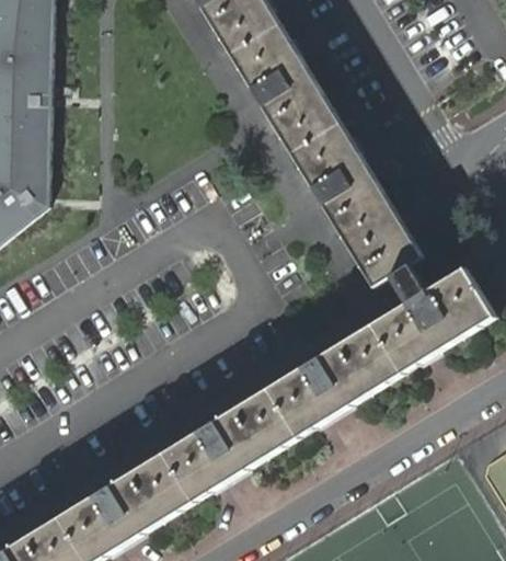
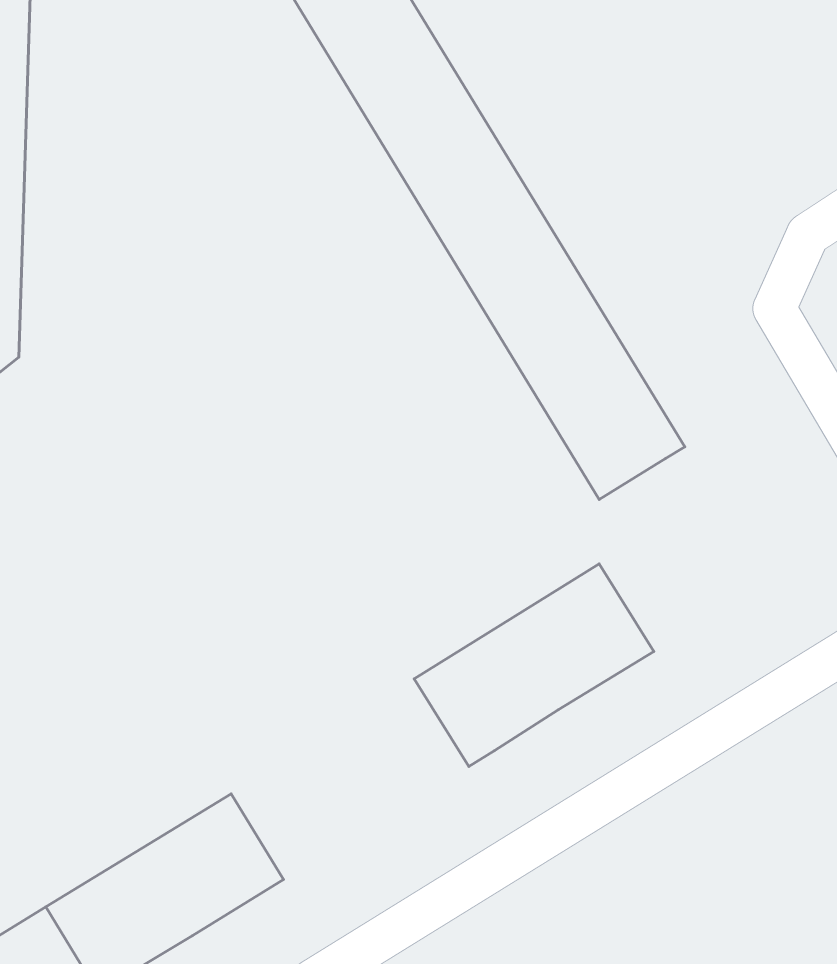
building: [371,262,493,370] -> none
building: [164,386,298,499] -> none

